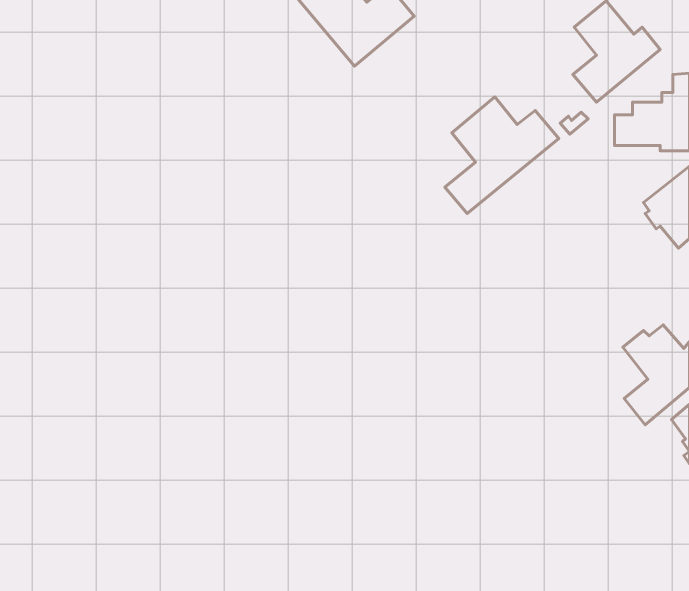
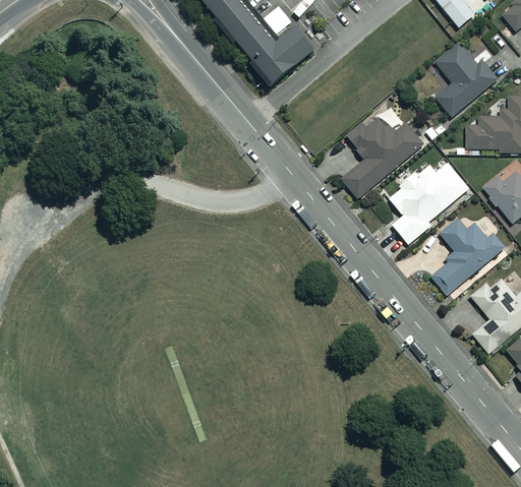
building: none -> [389,162,468,243]
building: none -> [430,218,504,294]

